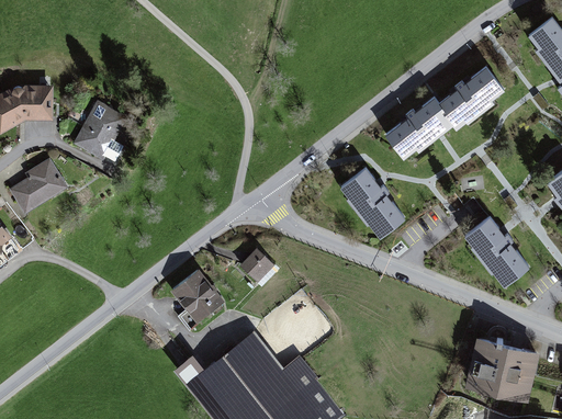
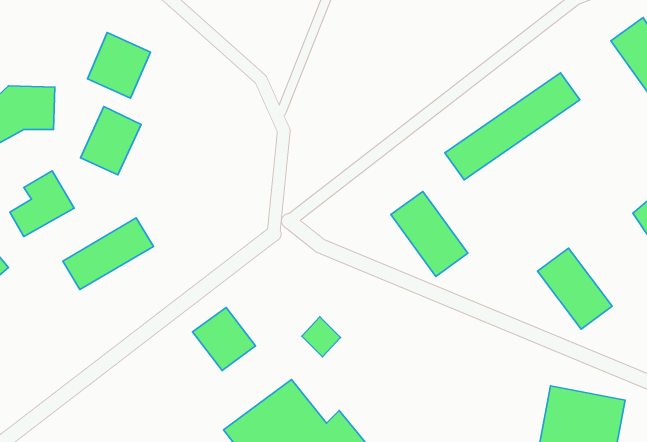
building: none -> [87,33,150,98]
building: none -> [63,218,153,290]
building: [243,246,276,280] -> [302,317,340,357]

